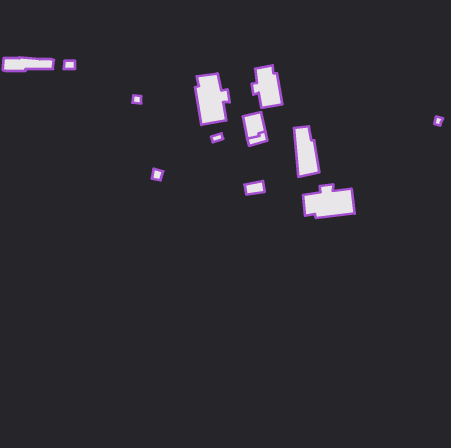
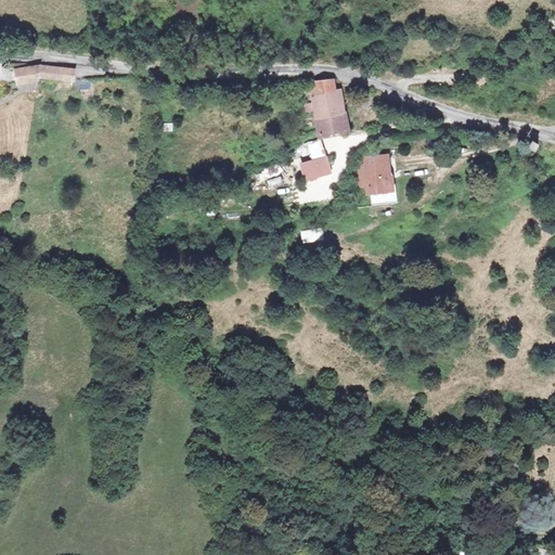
building: [195,73,230,125] -> none
building: [303,184,355,218] -> none

